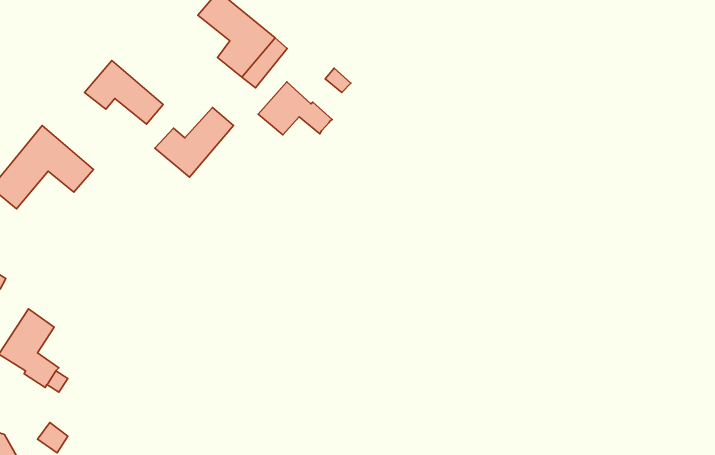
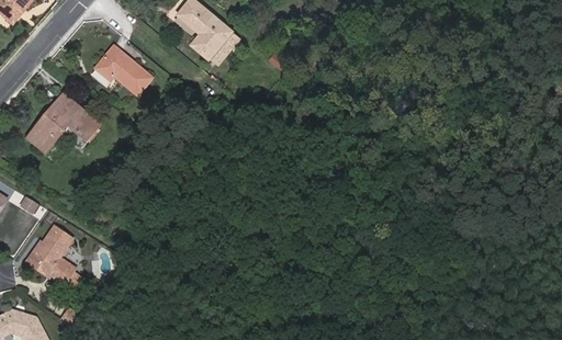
building: [258,82,332,135] -> none
building: [155,107,233,177] -> none

